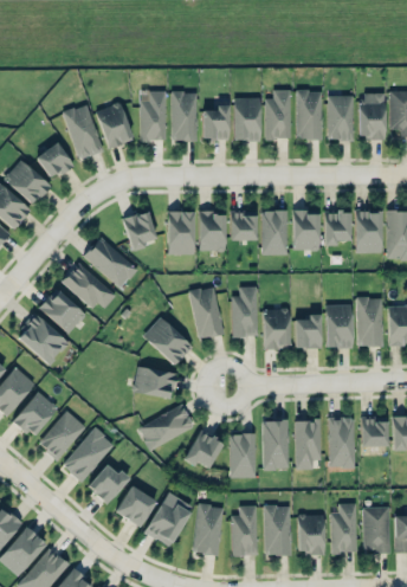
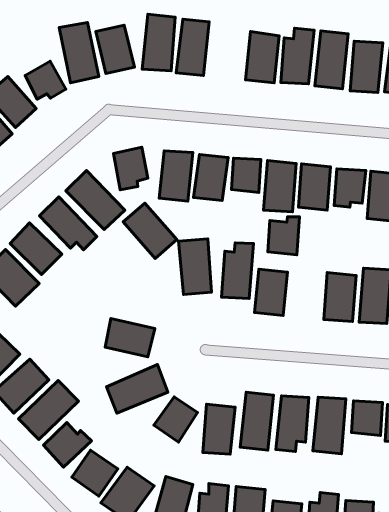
building: [202,105,228,140] -> none
building: [295,314,322,348] -> [268,217,299,255]
building: [143,317,193,366] -> [123,203,177,258]

